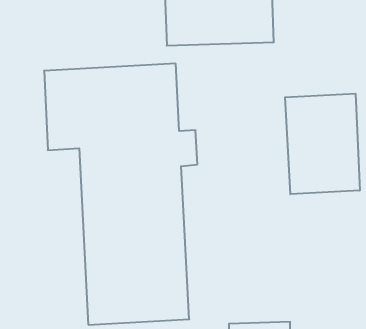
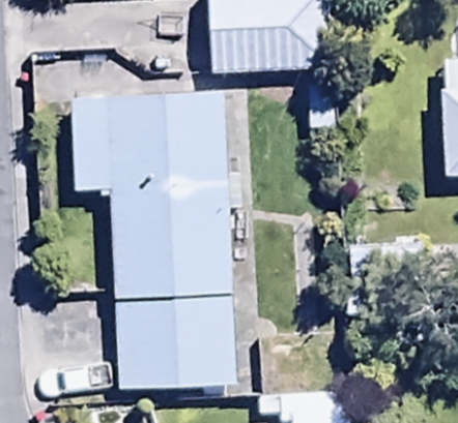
building: [285,94,360,194] -> none

